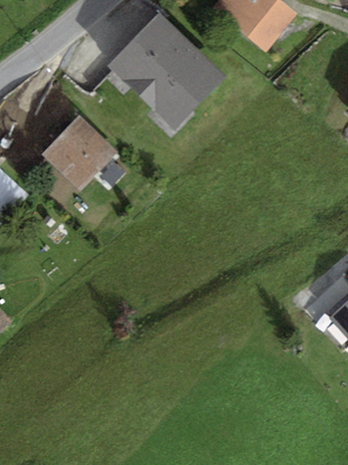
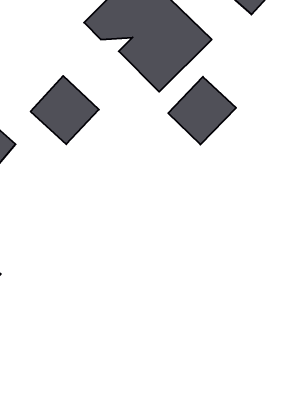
building: none -> [168,77,236,145]

